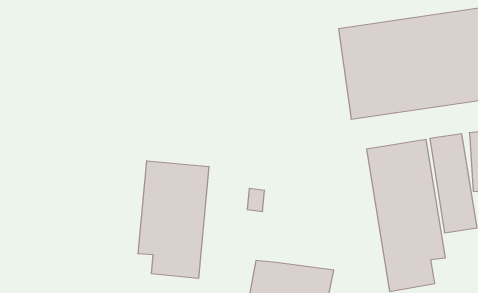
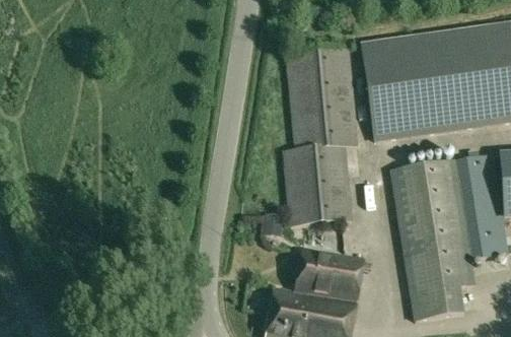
building: none -> [283,47,356,225]
building: [138,161,209,278] -> none
building: none -> [295,248,363,298]

